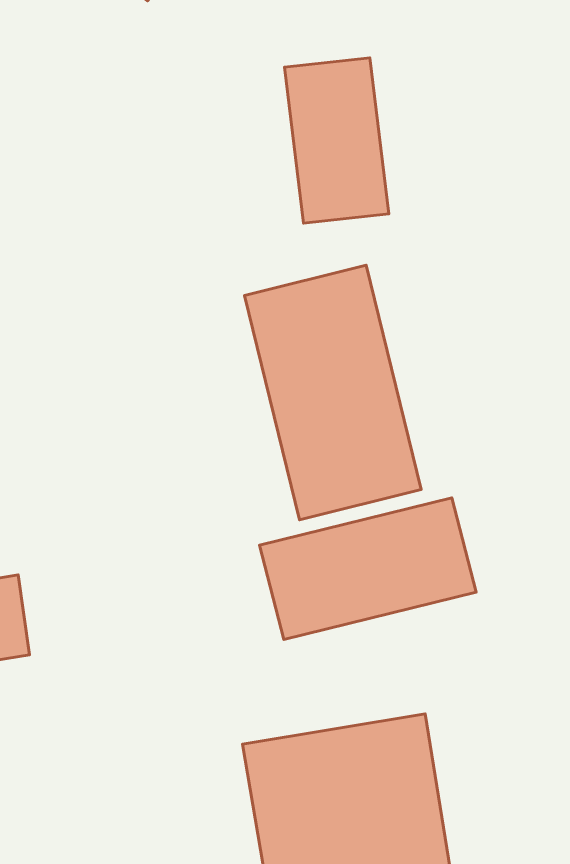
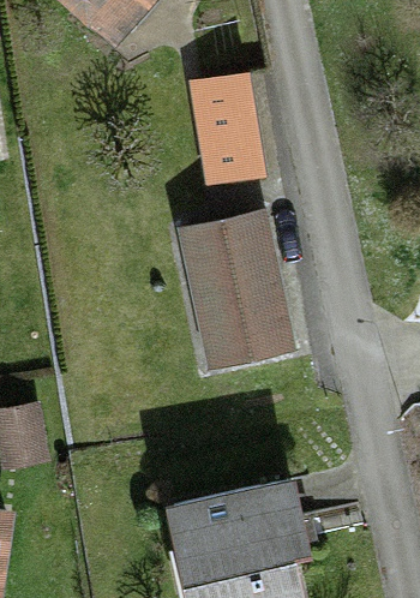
building: [259,498,476,639] -> none

